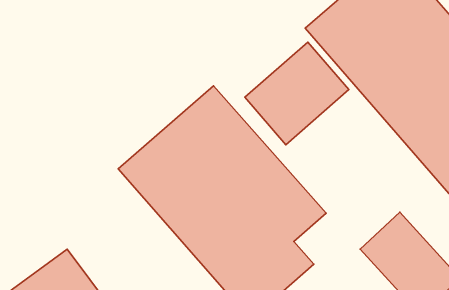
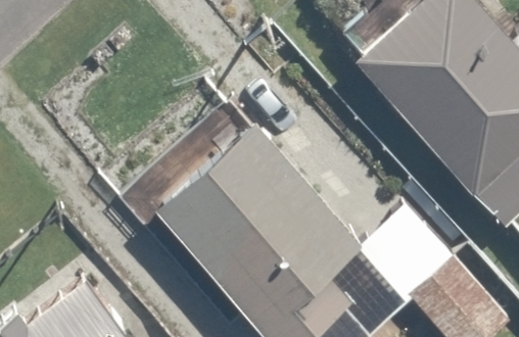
building: [245,42,349,145] -> none

